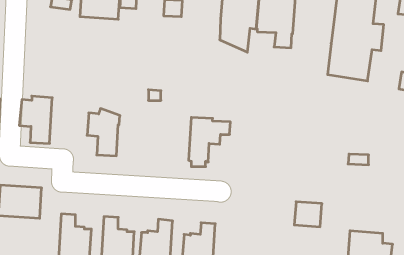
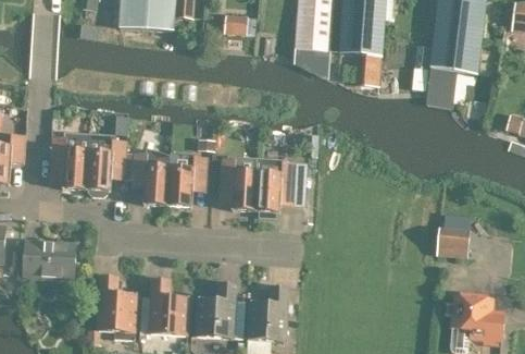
building: none -> [86,133,126,190]
building: none -> [167,155,208,206]
building: none -> [220,155,259,209]
building: [294,202,322,227] -> [436,227,470,257]

